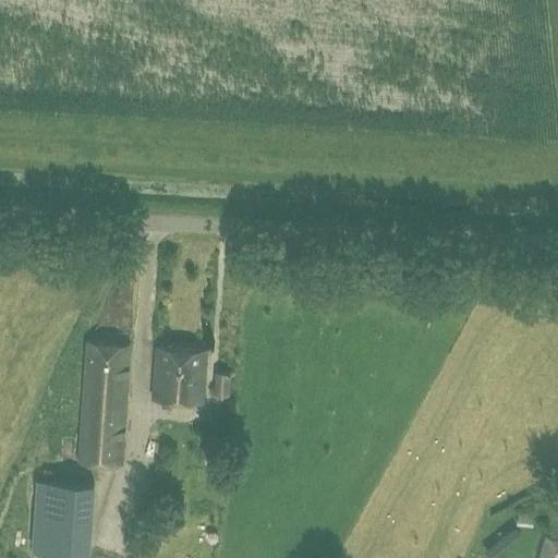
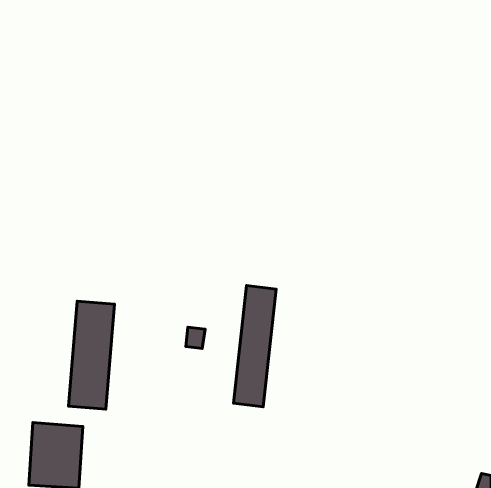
building: none -> [233,286,276,407]
building: [151,349,206,405] -> none

